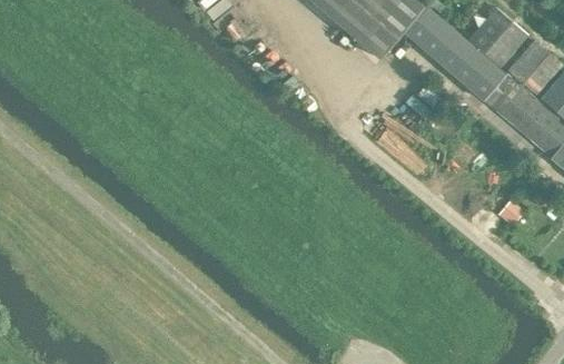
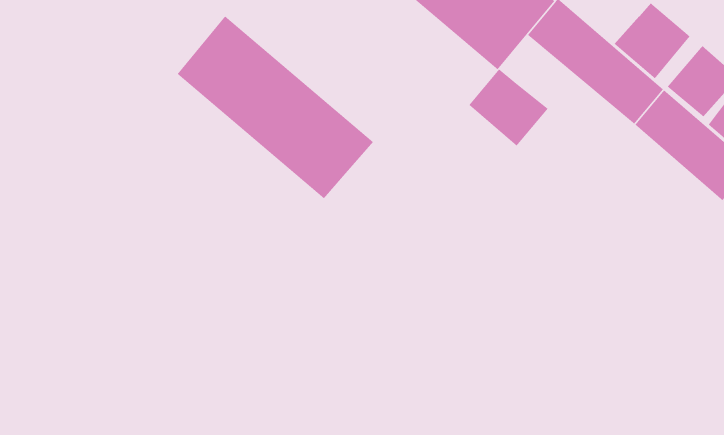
building: none -> [177,16,374,199]
building: none -> [468,69,548,147]

